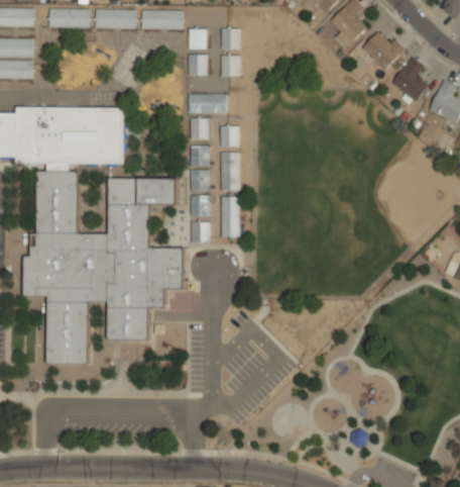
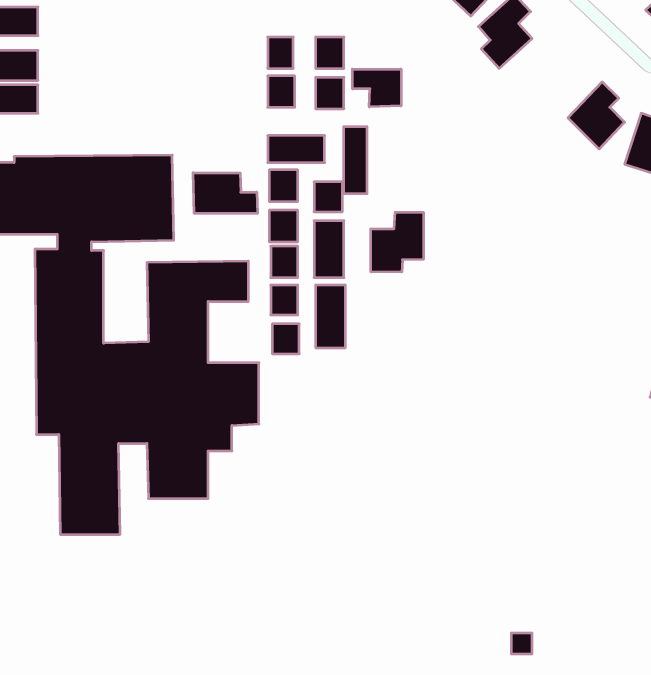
building: [48,8,89,26] -> none
building: [95,9,135,27] -> none
building: [141,10,183,28] -> none
building: [361,29,402,70] -> none
building: none -> [352,69,401,107]
building: none -> [344,127,367,194]
building: none -> [193,173,257,213]
building: none -> [371,212,423,272]

